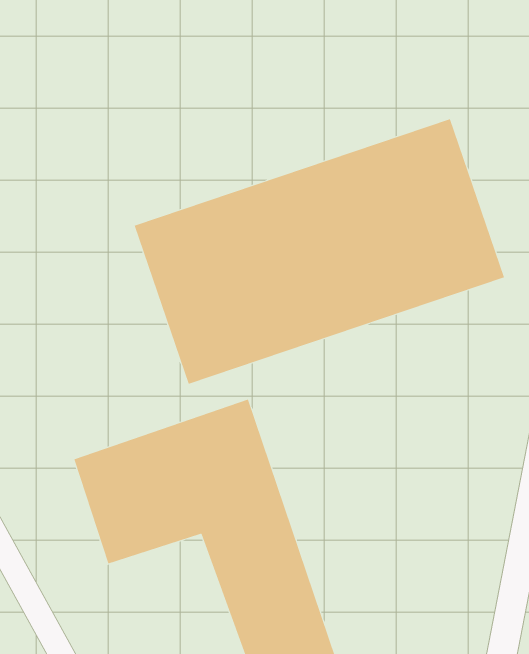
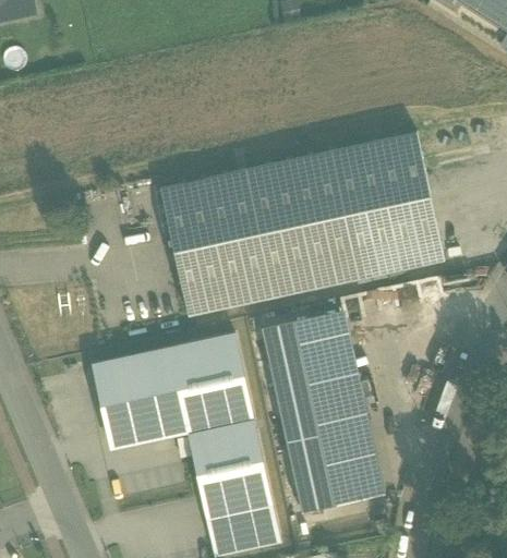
building: none -> [263,312,384,511]

